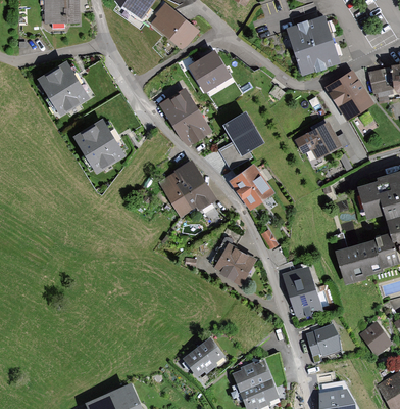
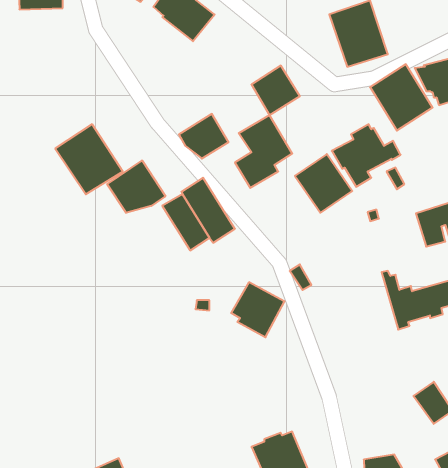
building: [191,53,230,93] -> [251,66,300,115]
building: [37,60,90,117] -> none
building: [158,88,198,126] -> none
building: none -> [107,160,165,213]
building: [227,163,272,210] -> [295,154,352,213]
building: [282,265,322,319] -> none
building: [306,326,341,359] -> none
building: [181,340,222,380] -> none

